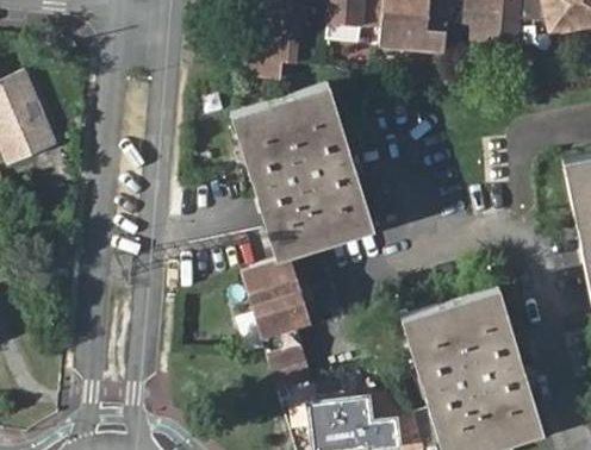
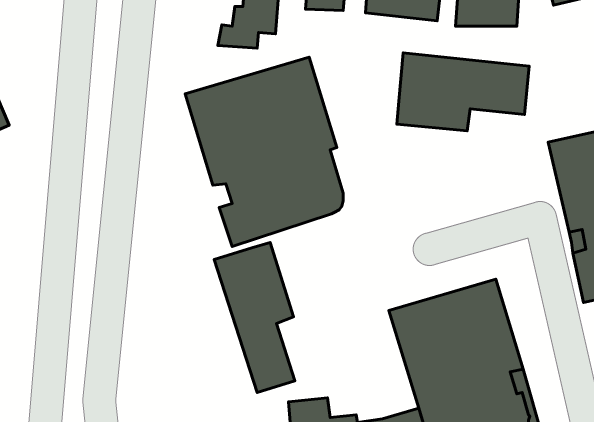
building: none -> [397,53,529,131]
building: [260,168,374,264] -> none

